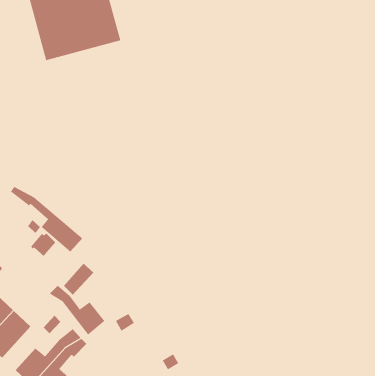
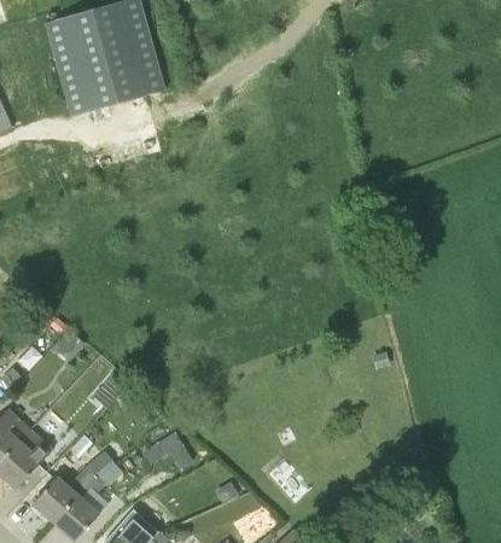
building: [10,186,83,252] -> none
building: [49,285,105,335] -> none

